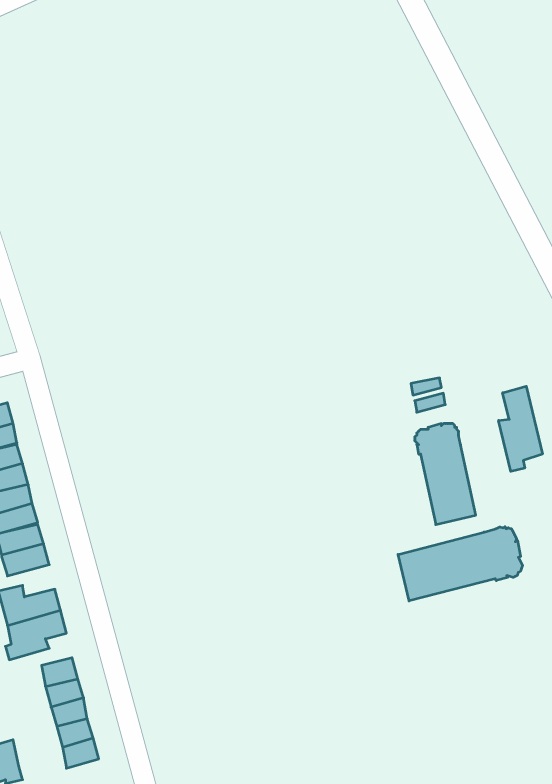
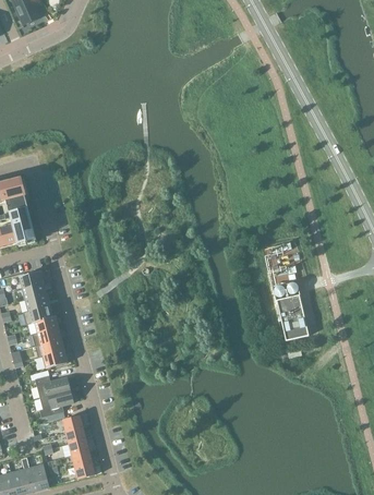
building: [499,386,542,471] -> none
building: [398,527,523,601] -> none

